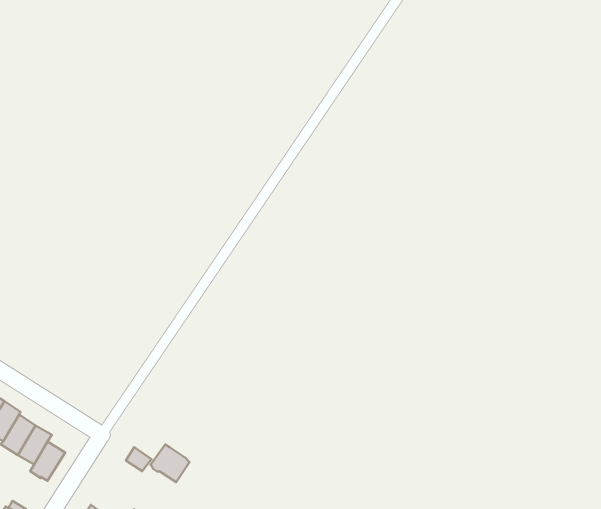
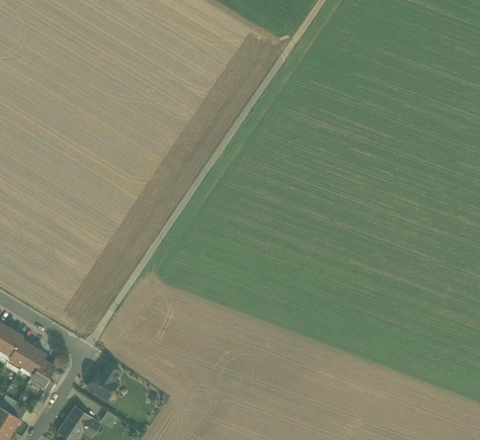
building: [150,445,190,482] -> [87,371,116,400]

